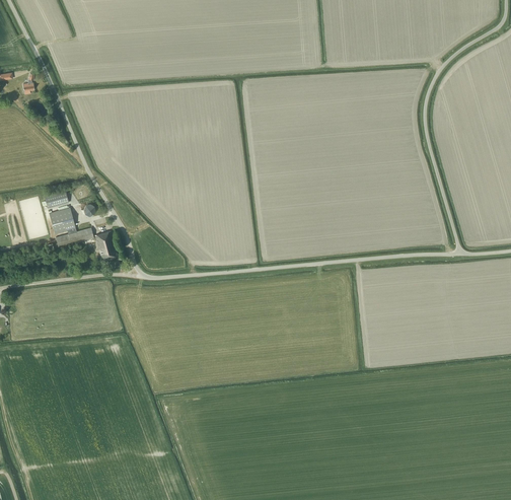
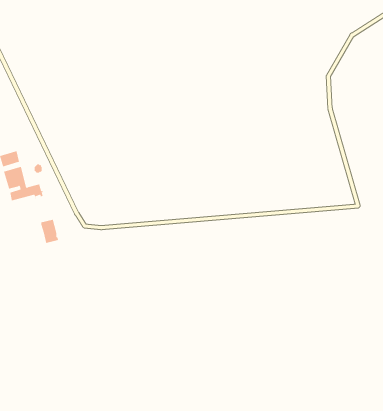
building: [93,231,116,260] -> [40,219,59,244]

